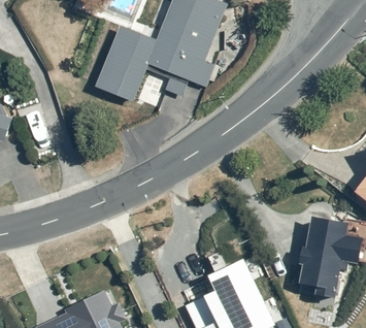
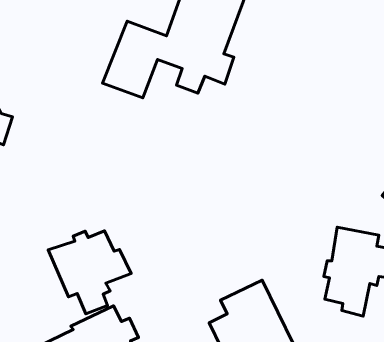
building: none -> [48,231,131,314]

